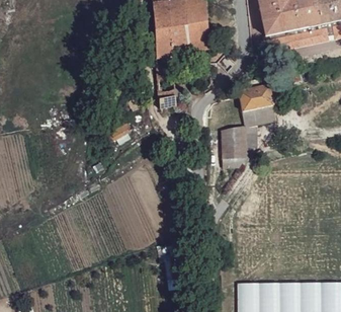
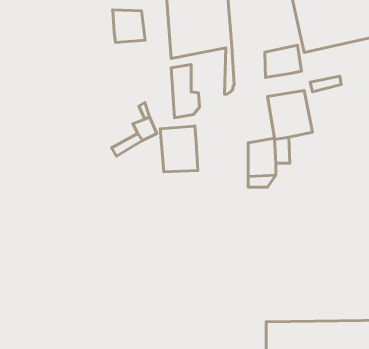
building: none -> [113,10,145,43]
building: none -> [265,45,302,77]
building: none -> [160,126,198,172]

